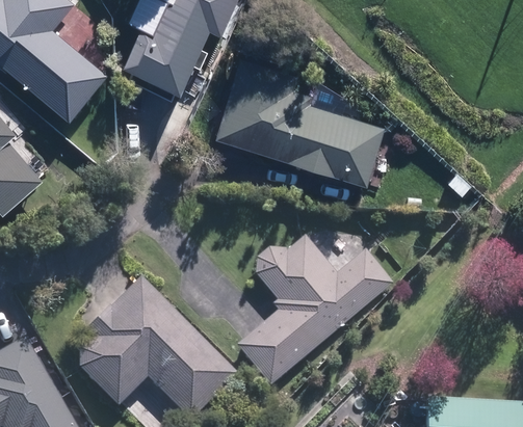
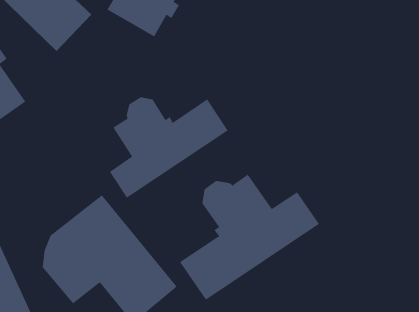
building: [214,60,389,187] -> none
building: none -> [109,97,228,199]

